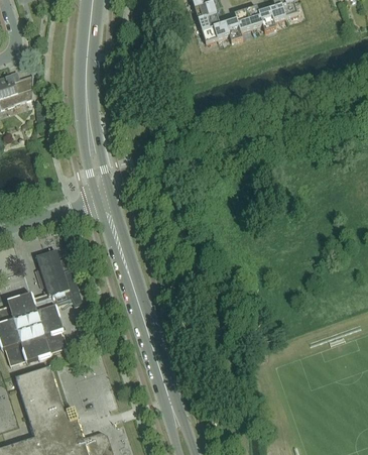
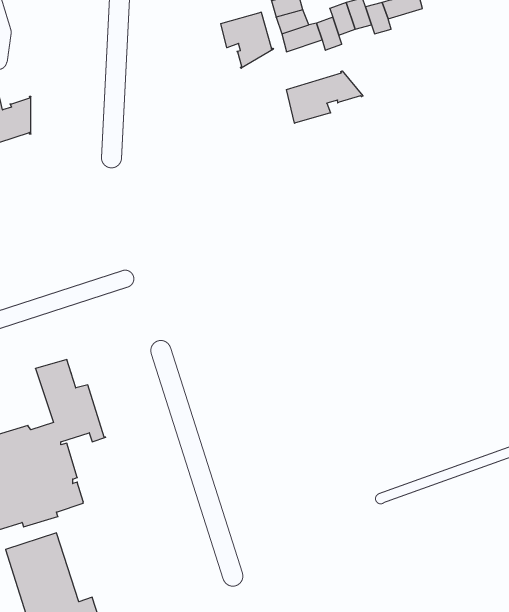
building: none -> [221,12,273,68]
building: none -> [286,71,363,123]

